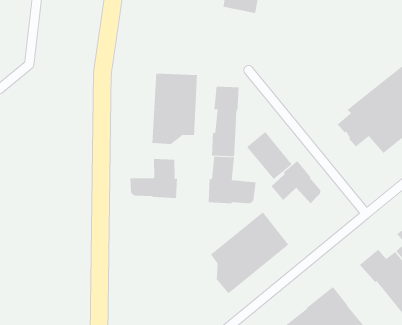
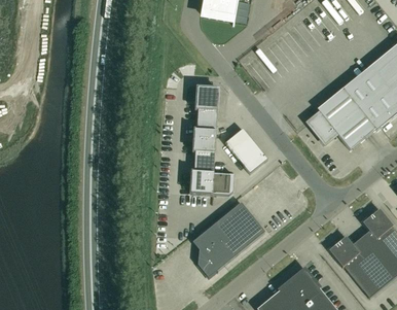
building: [152,73,197,145] -> none
building: [130,158,178,199] -> none
building: [271,160,321,204] -> none

